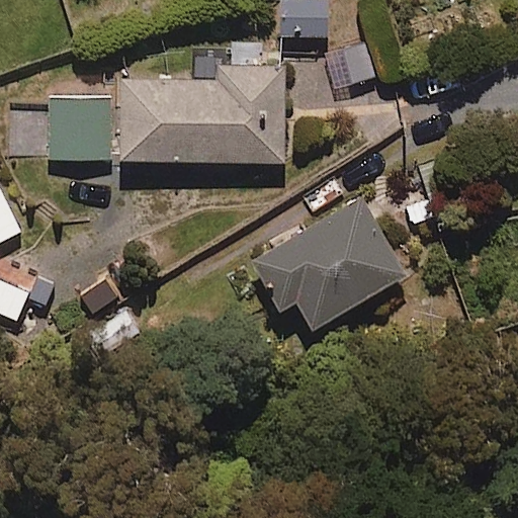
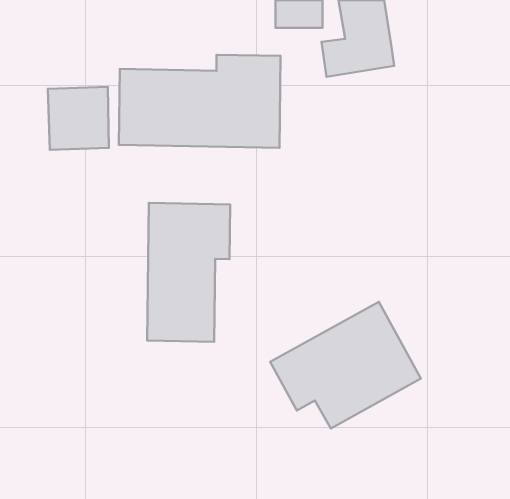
building: [251,198,404,327] -> [270,302,421,429]
building: none -> [147,203,230,342]

